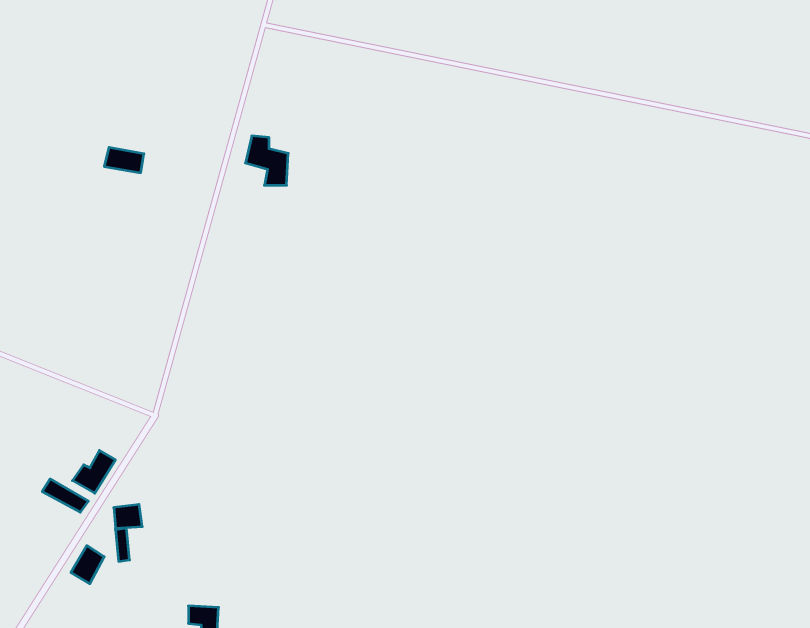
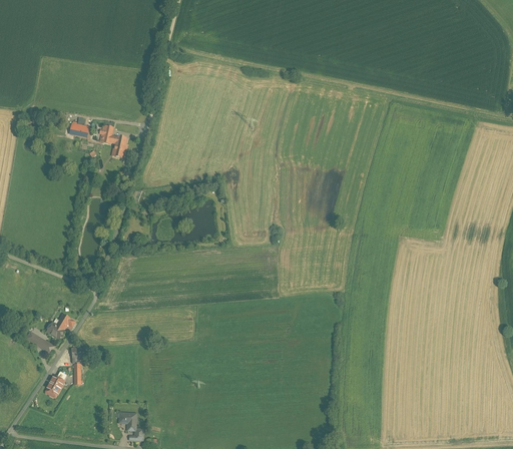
building: [245,136,288,185] -> [99,125,126,156]

